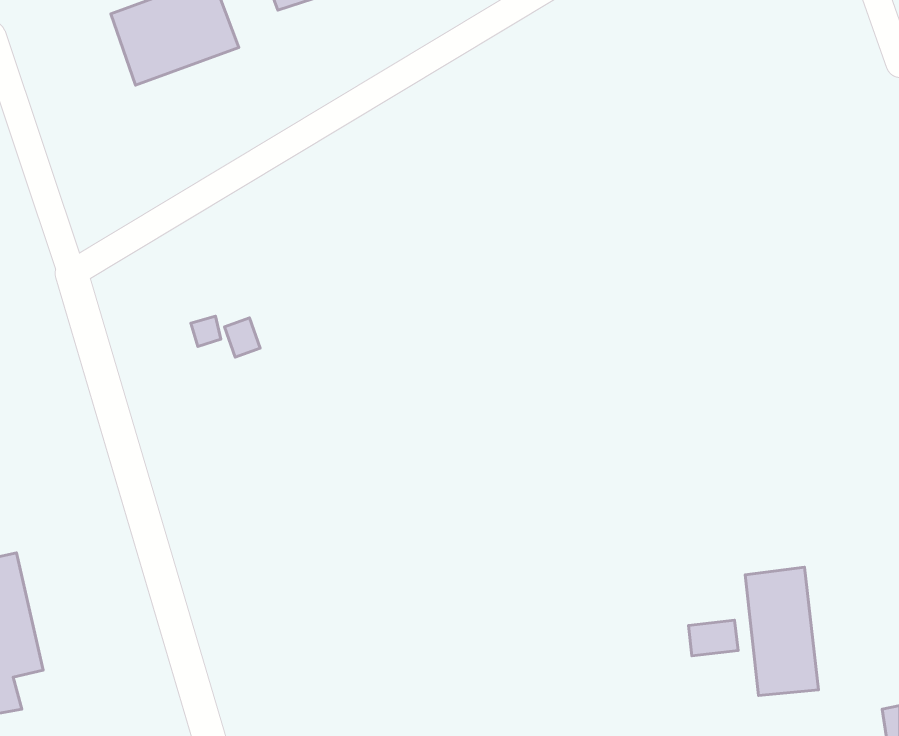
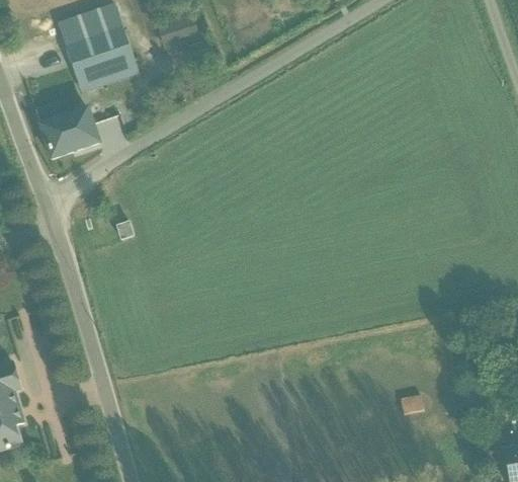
building: none -> [39,105,101,158]
building: [745,567,819,696] -> none

